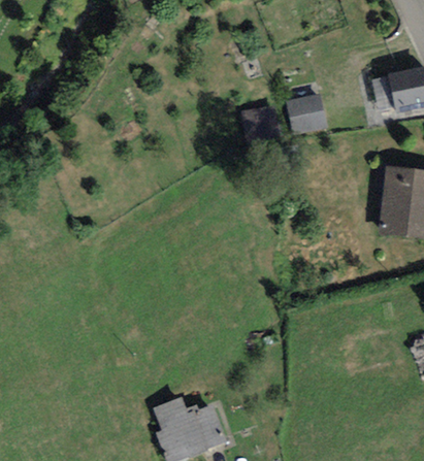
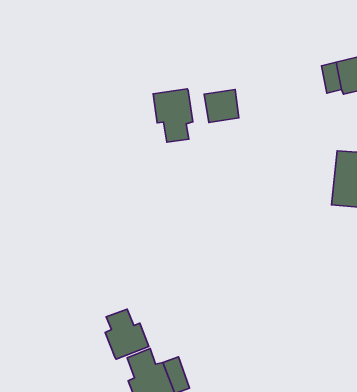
building: [287,94,326,133] -> none
building: none -> [153,89,193,142]
building: none -> [105,309,149,359]

